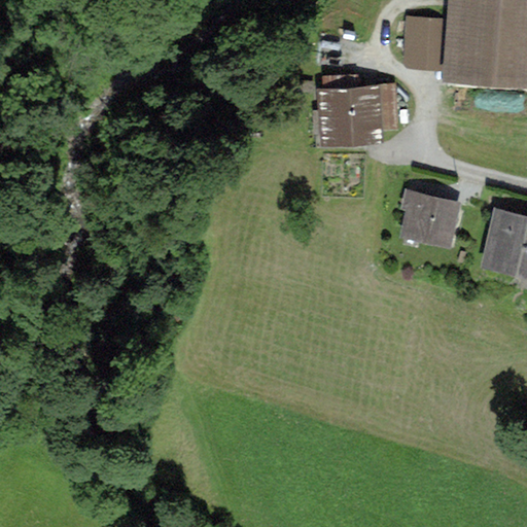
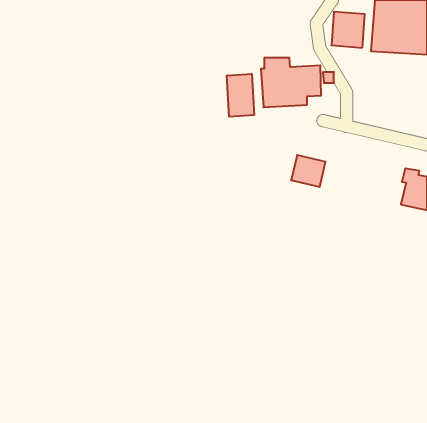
building: none -> [227,74,254,117]
building: [409,199,451,238] -> [291,155,326,187]

